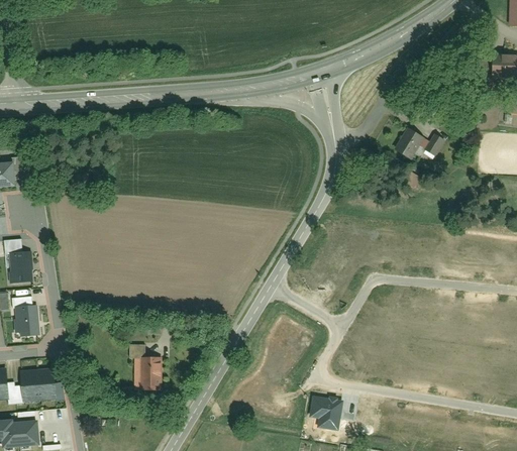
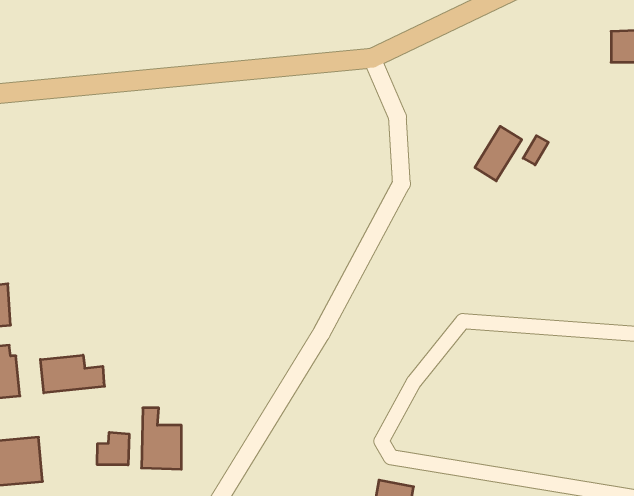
building: none -> [40,355,105,393]
building: none -> [97,432,129,465]

